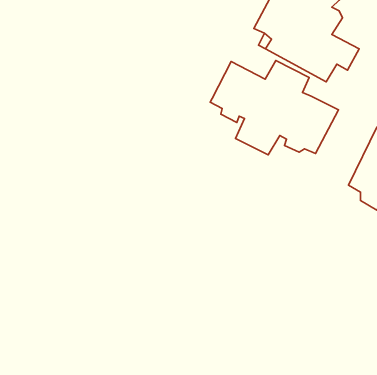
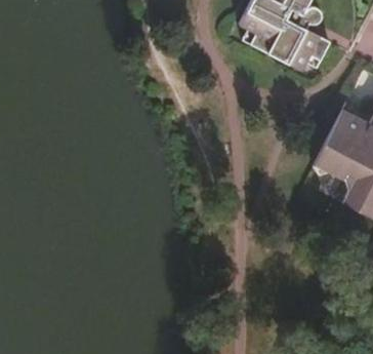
building: [210,60,339,155] -> none

